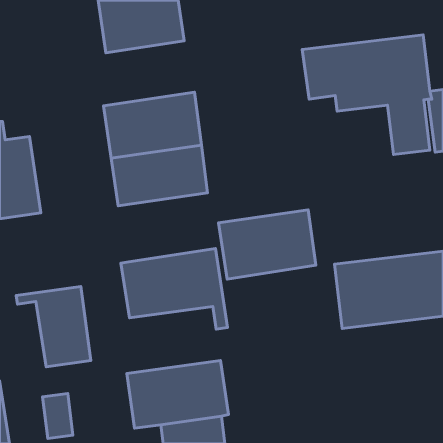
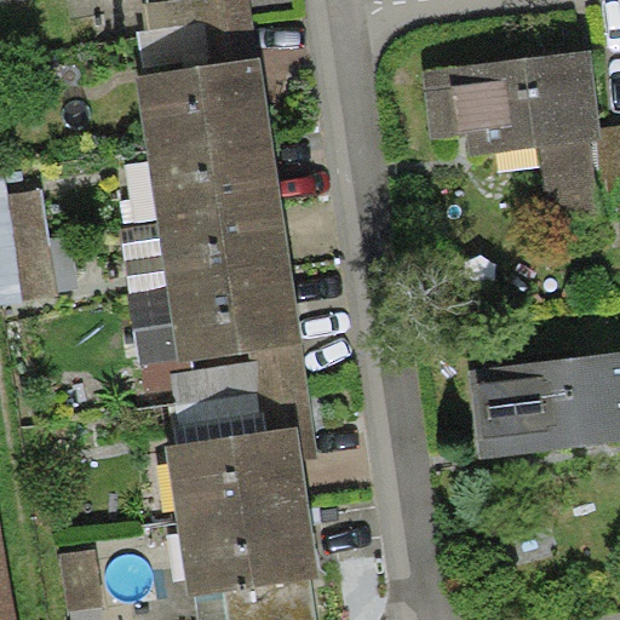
building: none -> [133,58,271,149]
building: [219,210,316,279] -> [165,270,300,367]
building: [16,286,91,367] -> none
building: none -> [166,429,308,522]

